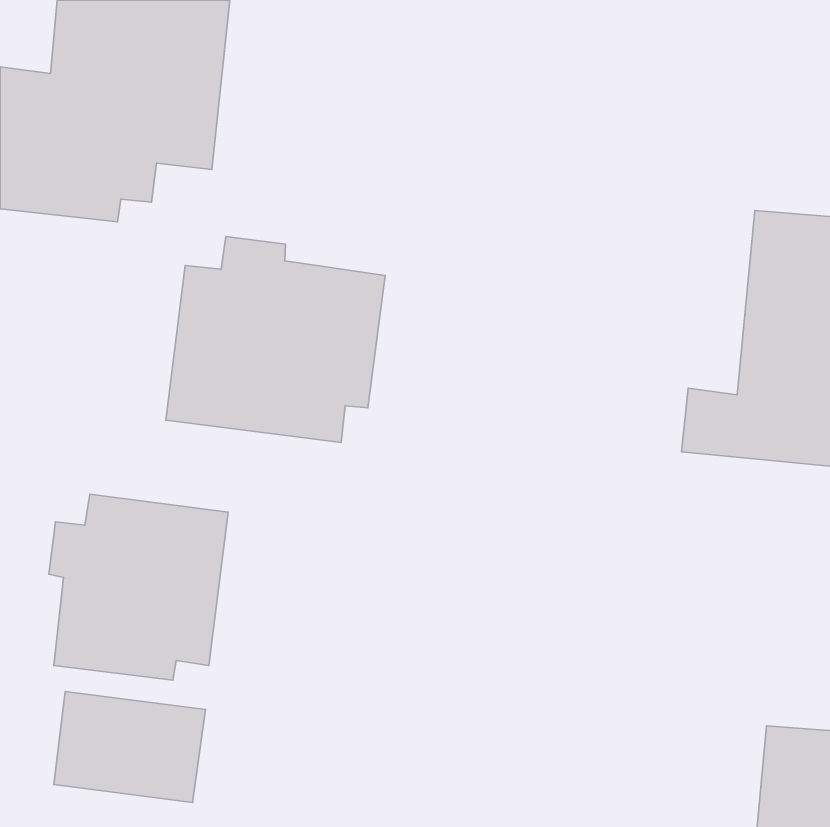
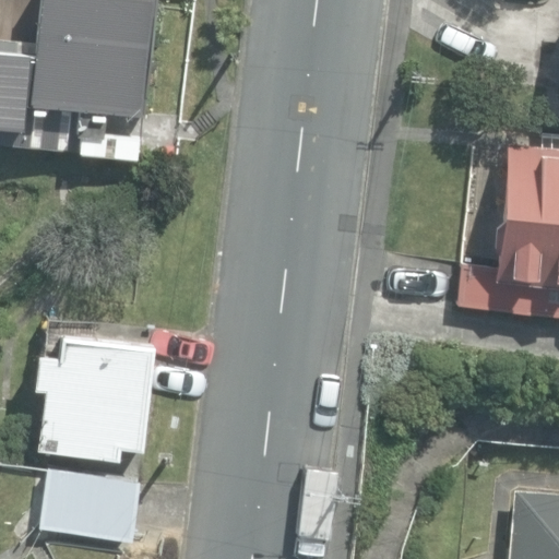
building: [166,236,385,442] -> none

